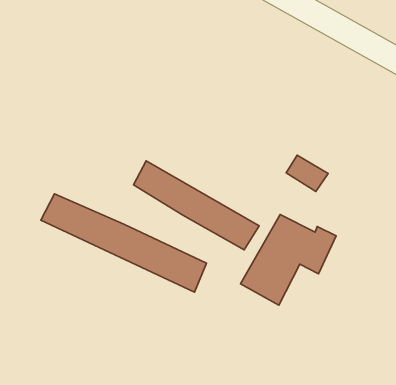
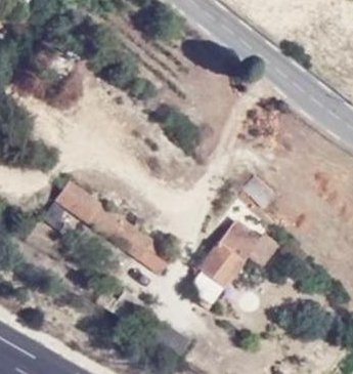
building: [133,161,259,250] -> none

